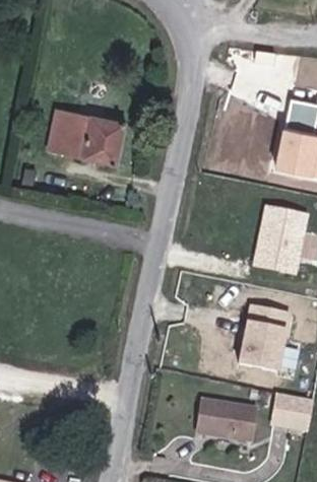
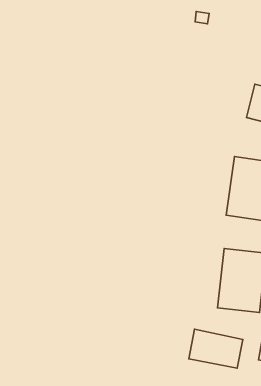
building: [53,121,128,174] -> none

